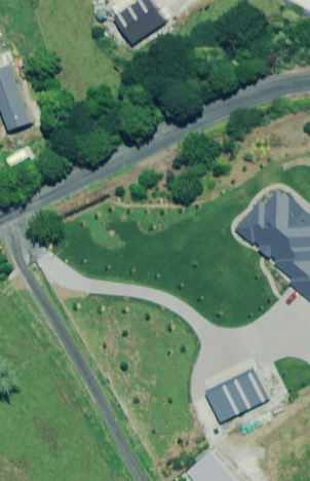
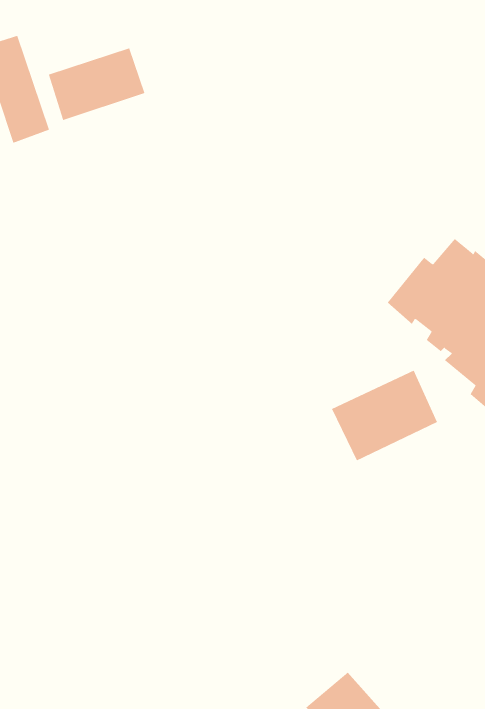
building: none -> [48,48,145,121]
building: [205,365,270,420] -> [331,370,438,461]

